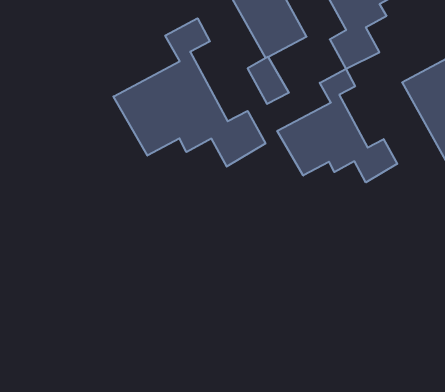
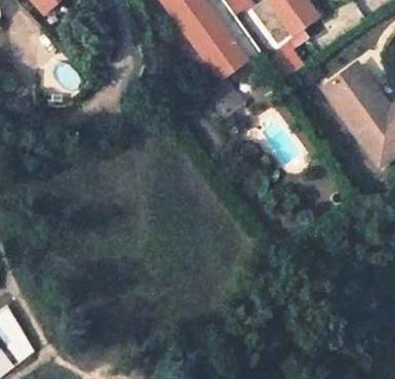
building: [113,18,265,167] -> none
building: [277,69,397,182] -> none

